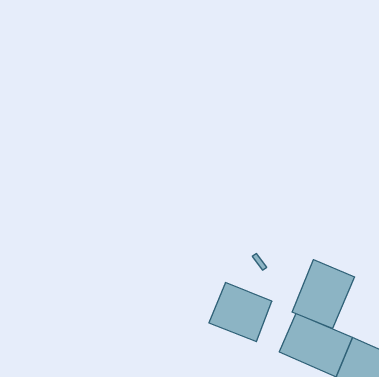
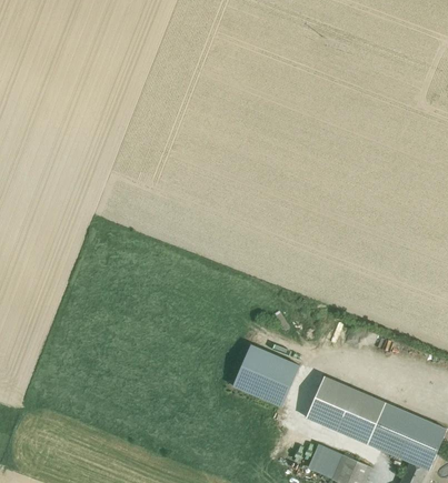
building: [292,260,354,329] -> none

